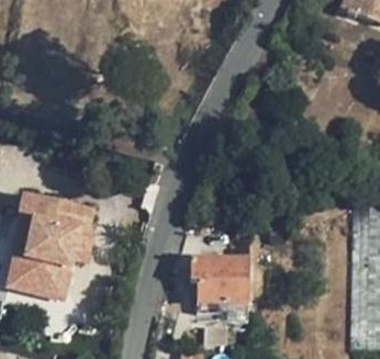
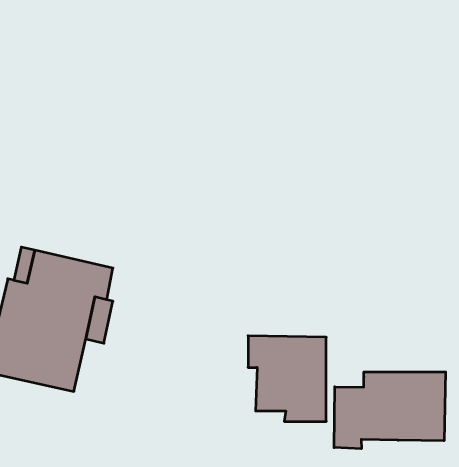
building: none -> [334,372,446,449]

